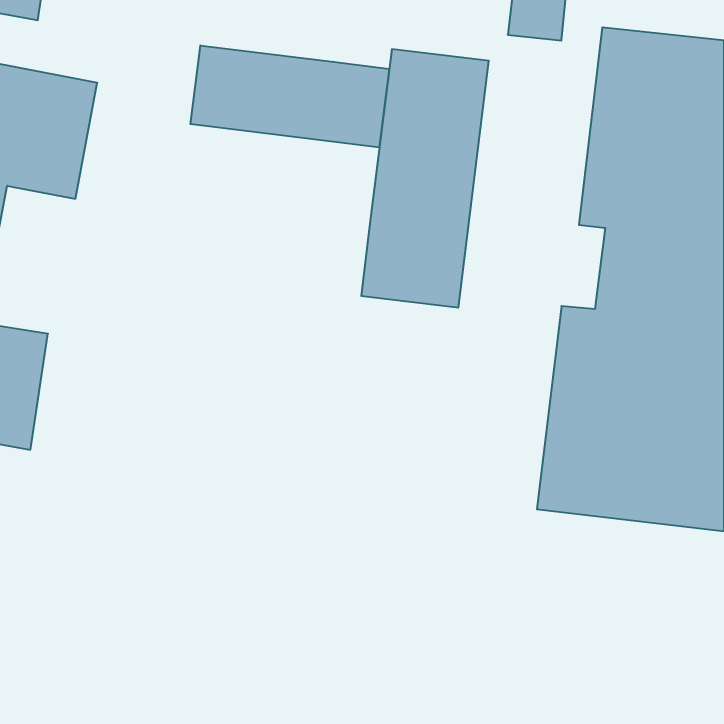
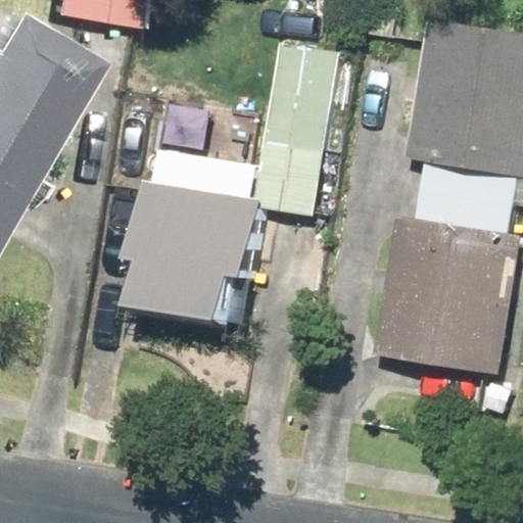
building: [190,45,389,147] -> none
building: none -> [134,145,260,322]

